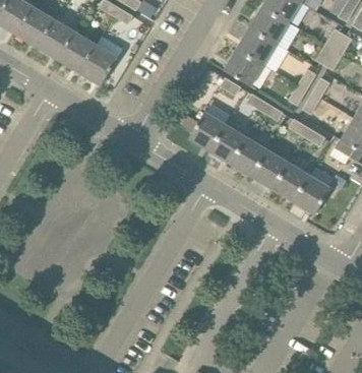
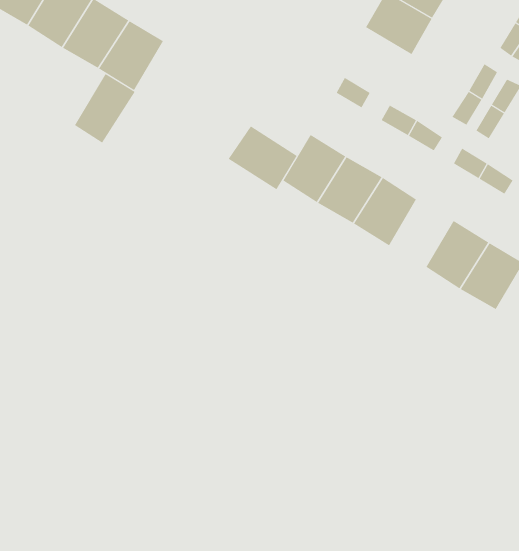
building: [224,48,265,86] -> none
building: none -> [74,73,135,143]
building: none -> [228,125,297,190]
building: [252,149,290,189] -> none

